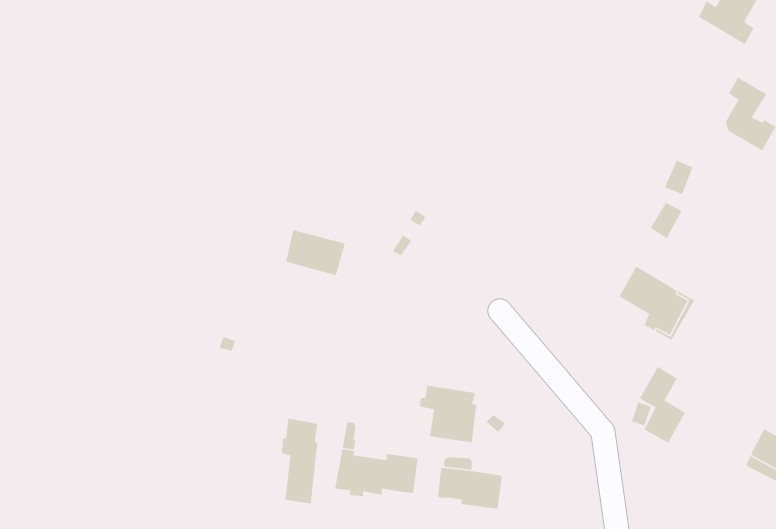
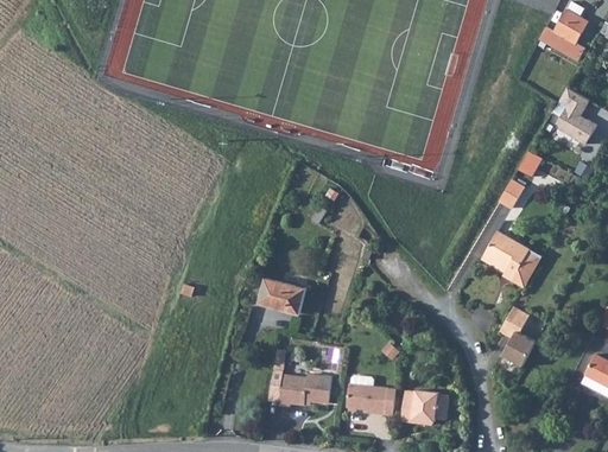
building: [285,229,346,276] -> [259,278,305,313]
building: [419,385,477,443] -> none
building: [281,417,318,504] -> none
building: none -> [401,389,448,422]

